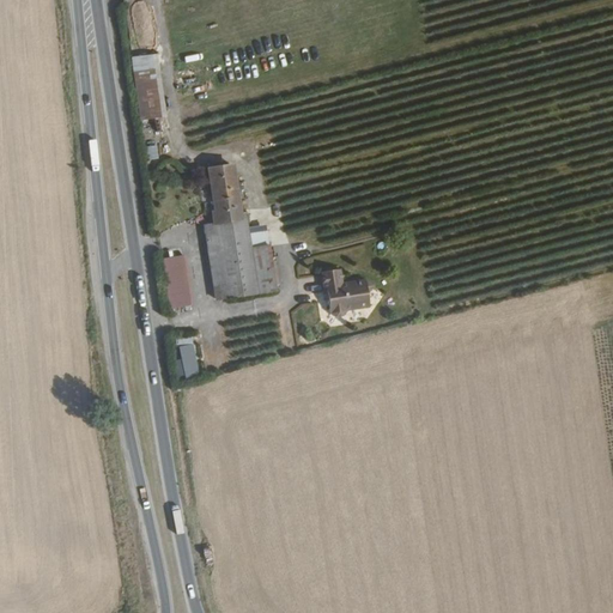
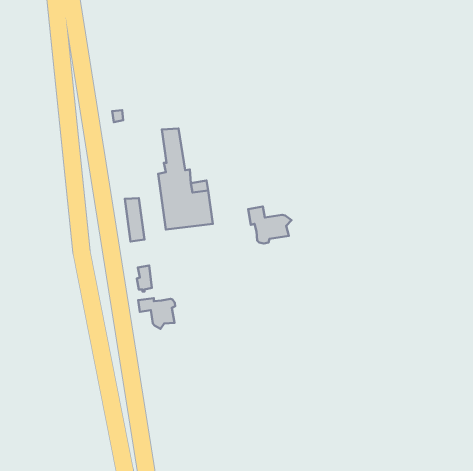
building: [133,67,158,119] -> none
building: none -> [138,298,175,329]

